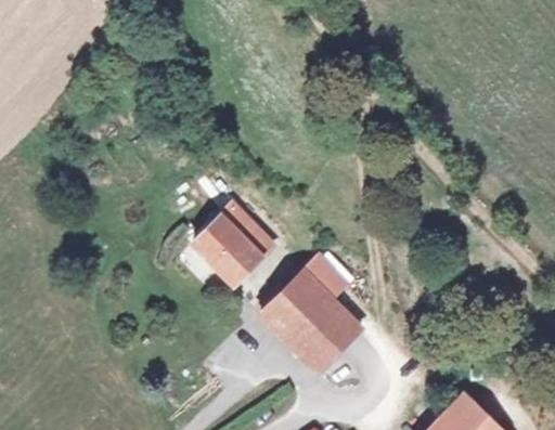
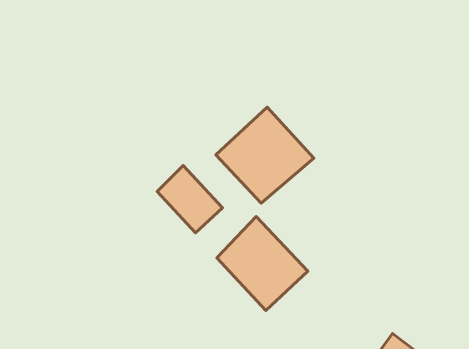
building: none -> [216,107,314,203]

